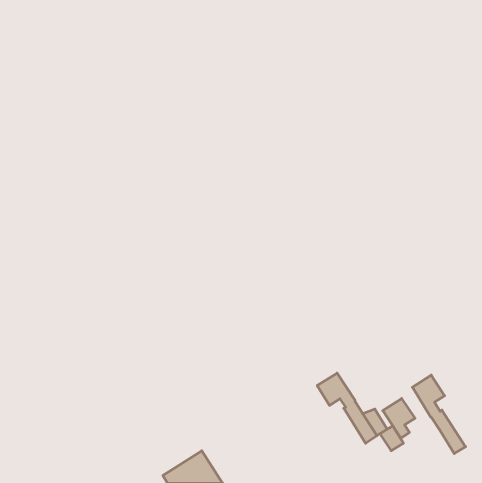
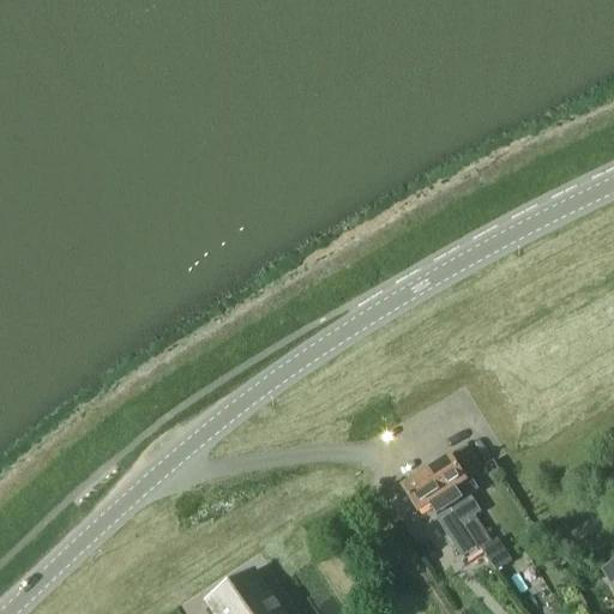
building: [412,375,466,454] -> none
building: [383,398,415,438] -> [429,457,470,507]

